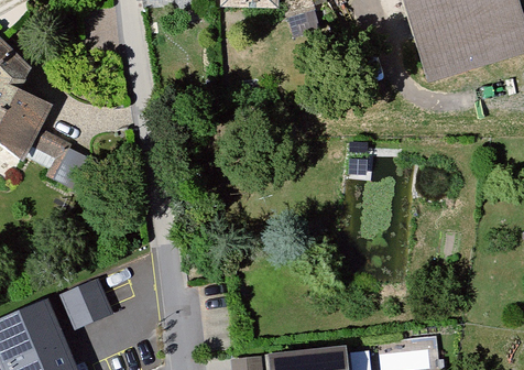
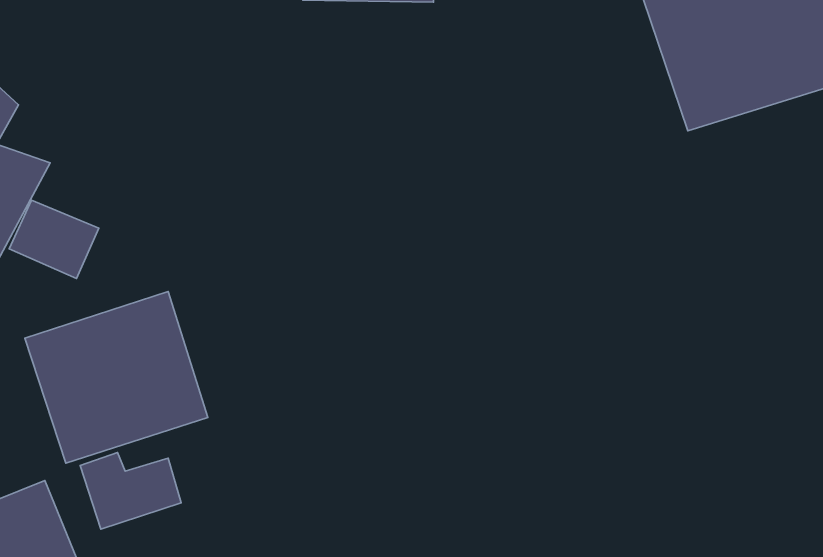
building: none -> [25,291,208,463]

